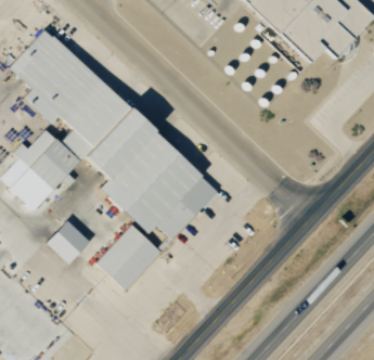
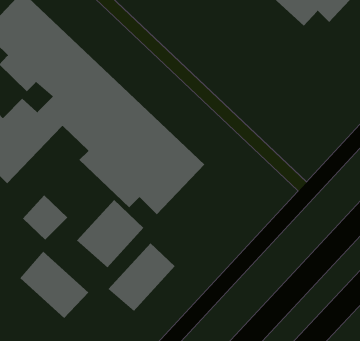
building: none -> [108,242,176,312]
building: none -> [20,251,89,319]

